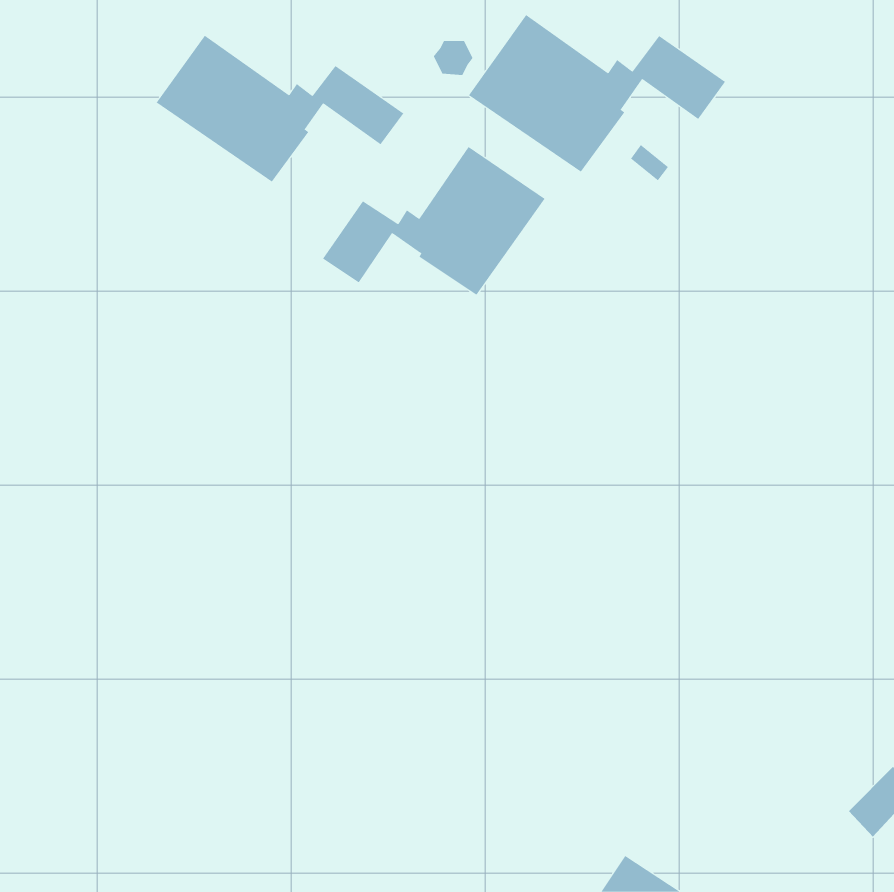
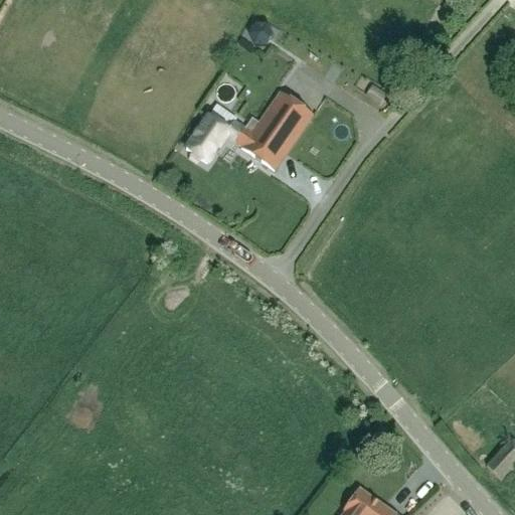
building: [468,14,726,173] -> none
building: [156,35,404,182] -> none

